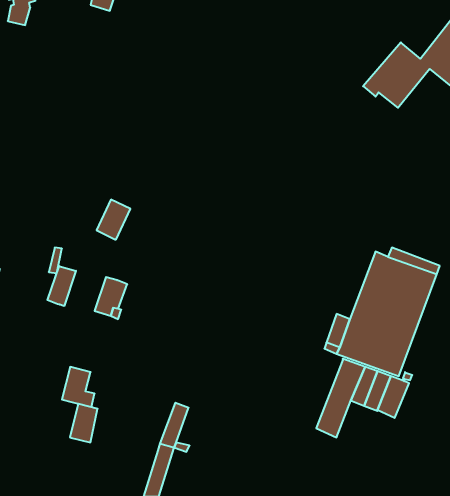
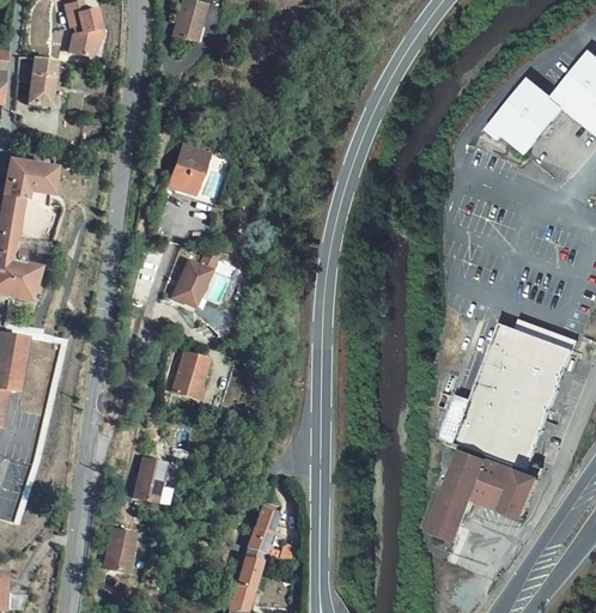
building: none -> [168,145,209,195]
building: [47,266,76,306] -> none
building: [70,404,98,442] -> [103,527,135,572]

